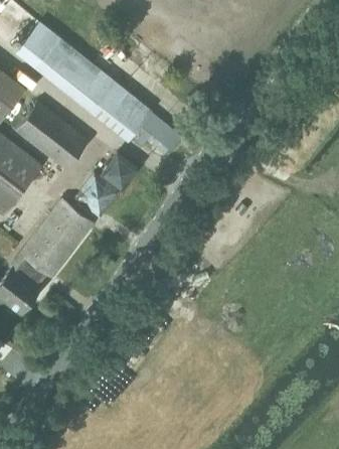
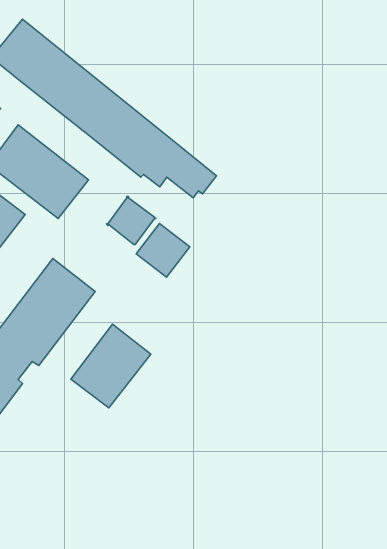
building: [78,175,118,214] -> [136,223,190,277]
building: none -> [71,324,151,408]

